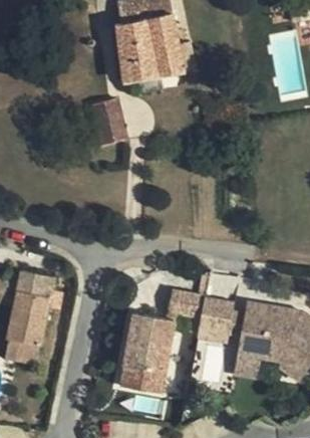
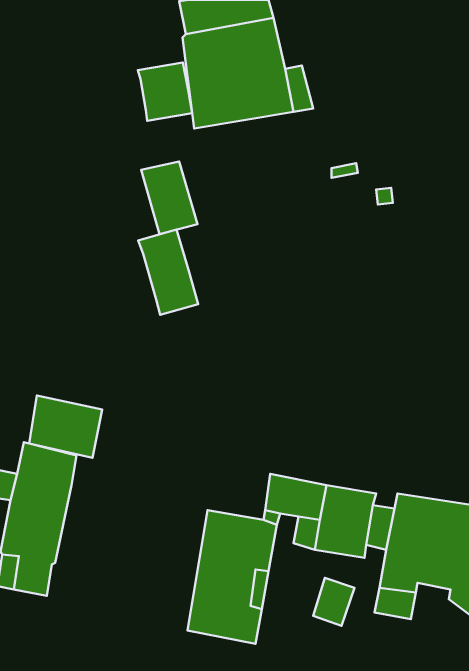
building: none -> [138,63,192,121]
building: none -> [138,230,198,315]
building: none -> [29,396,102,458]

